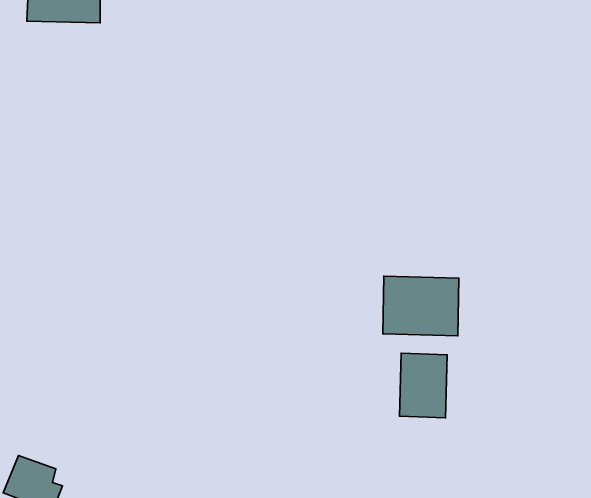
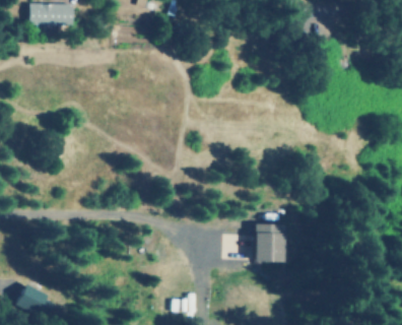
building: [383,276,459,336] -> none

